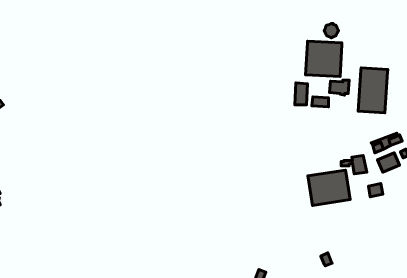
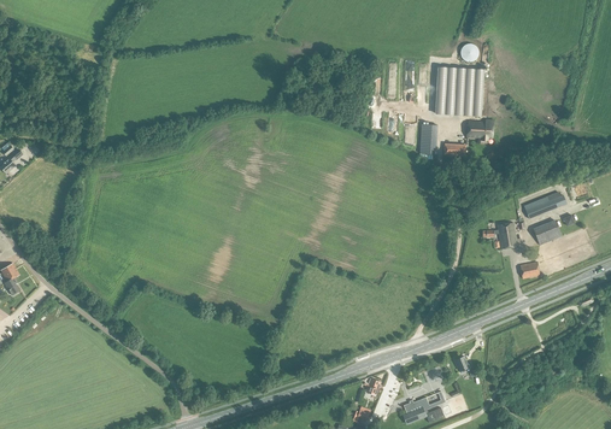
building: [358,68,388,113] -> none
building: [308,170,350,205] -> none

